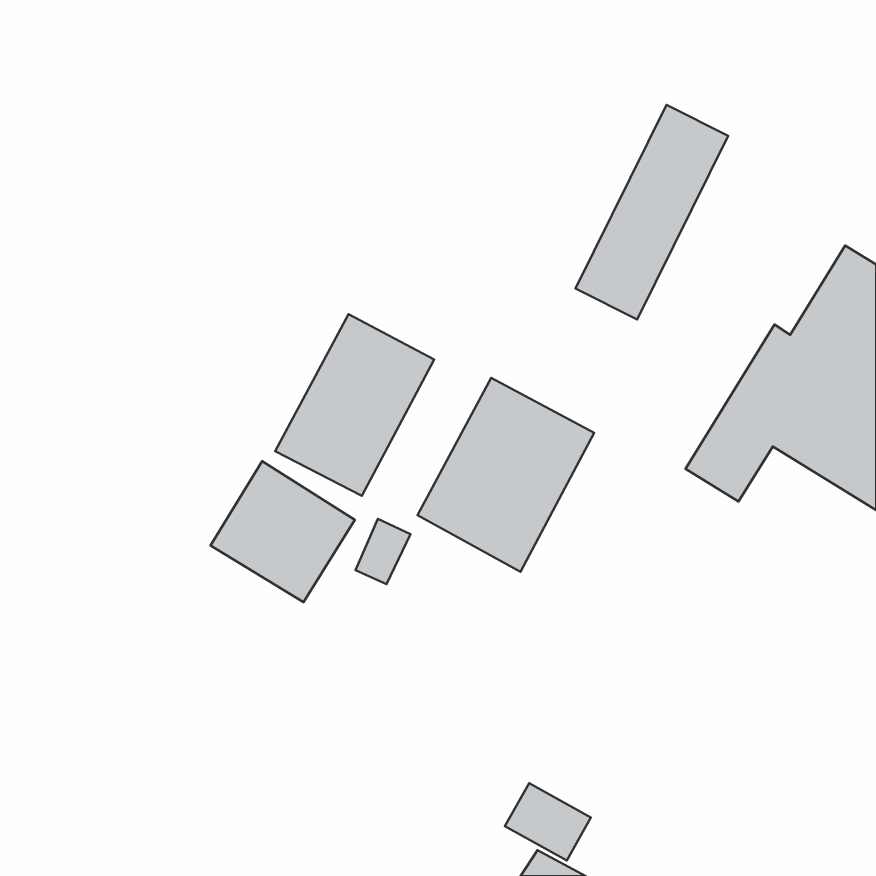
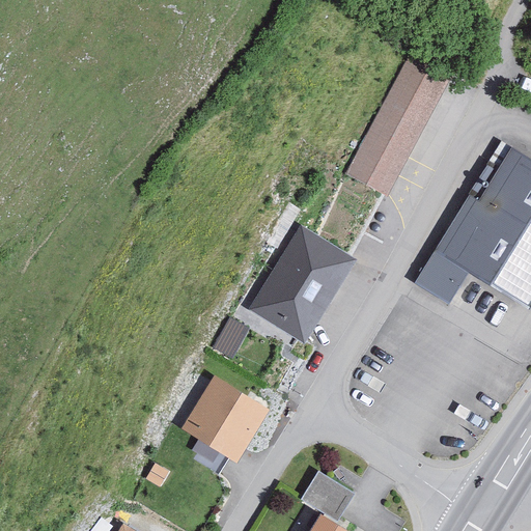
building: [275,314,434,496] -> none
building: [211,461,355,602] -> [187,375,274,460]

